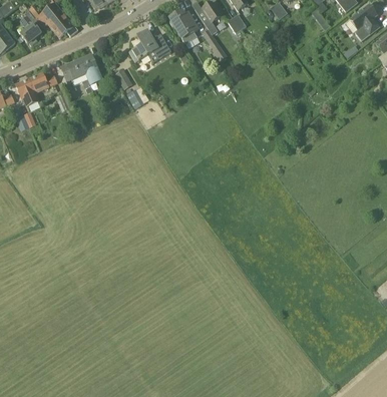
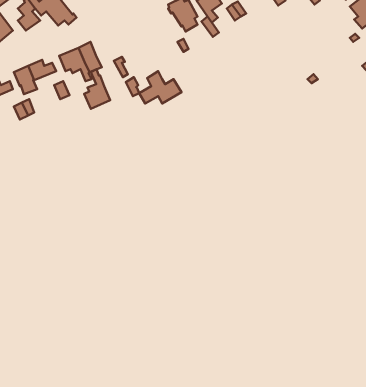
building: [129,29,171,61] -> [139,71,181,103]
building: none -> [84,69,110,109]

